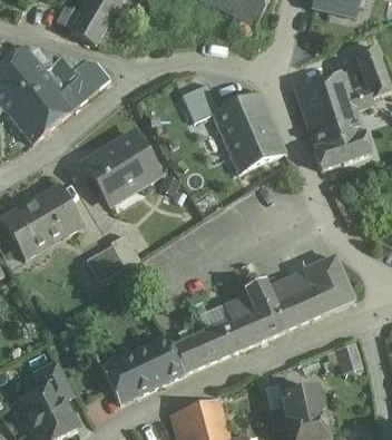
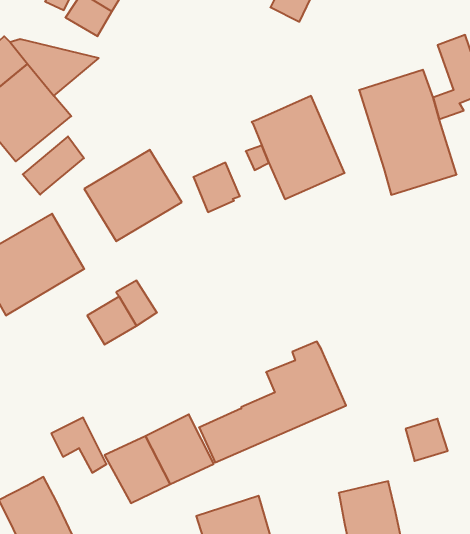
building: [61,62,108,107] -> [23,136,84,195]
building: [183,84,218,121] -> [193,163,240,212]
building: [266,255,353,329] -> none
building: [32,360,75,402] -> [51,418,107,473]

